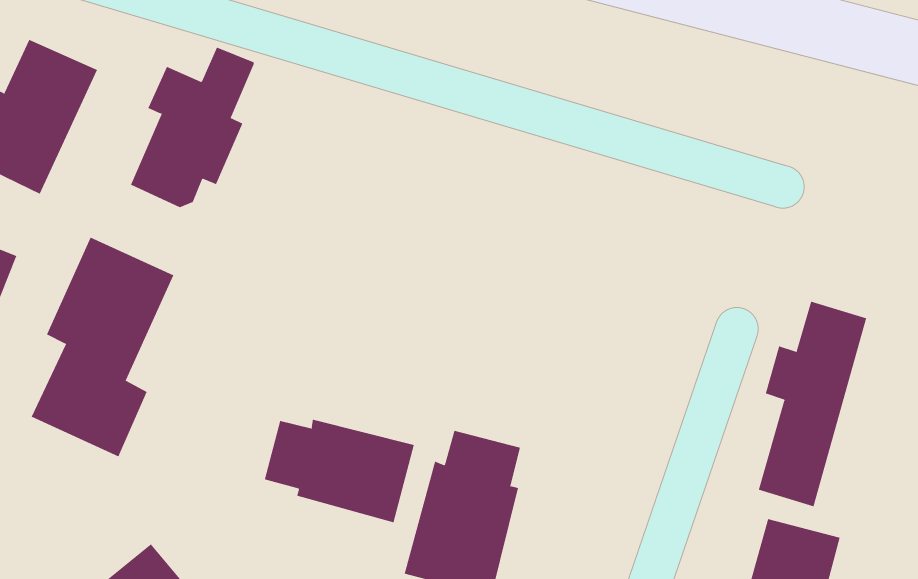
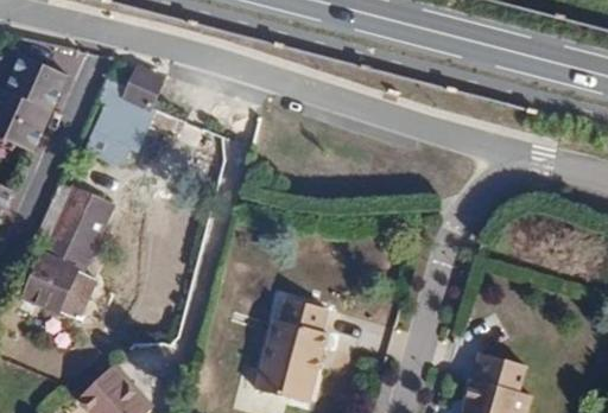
building: [758,301,867,507] -> none
building: [264,419,414,523] -> none

